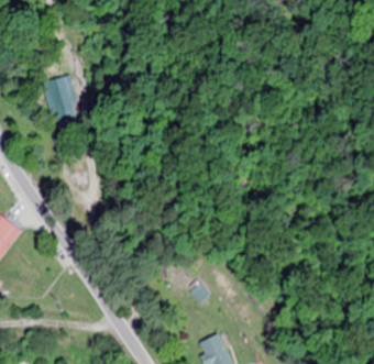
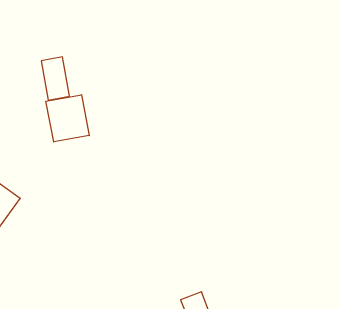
building: none -> [46,95,89,142]

